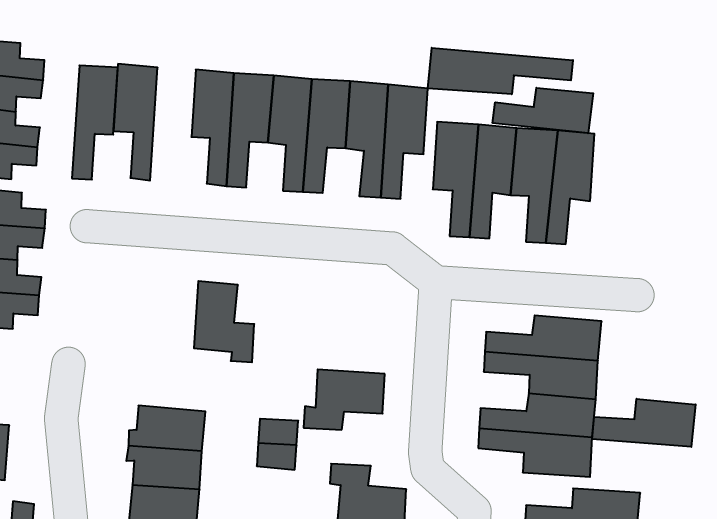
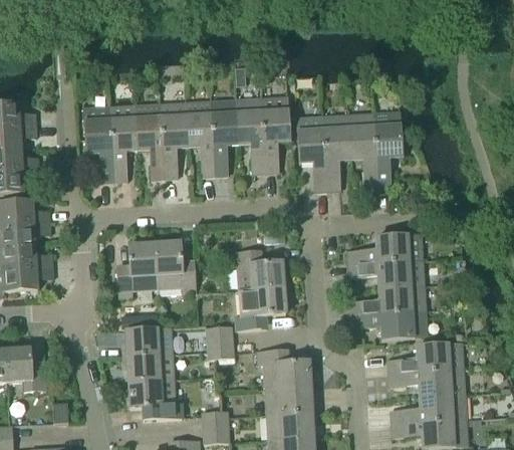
building: [428,48,573,94] -> none
building: [72,65,118,180] -> [109,105,138,182]
building: [493,88,593,133] -> none
building: none -> [117,243,158,296]
building: none -> [230,250,284,290]
building: [592,399,696,447] -> none

